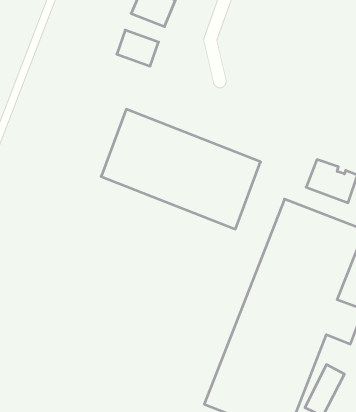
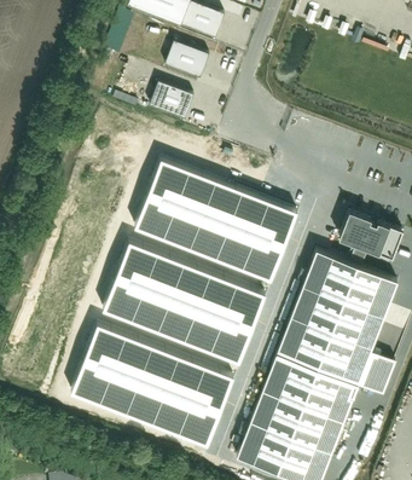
building: none -> [103,242,265,362]
building: none -> [71,324,233,444]

